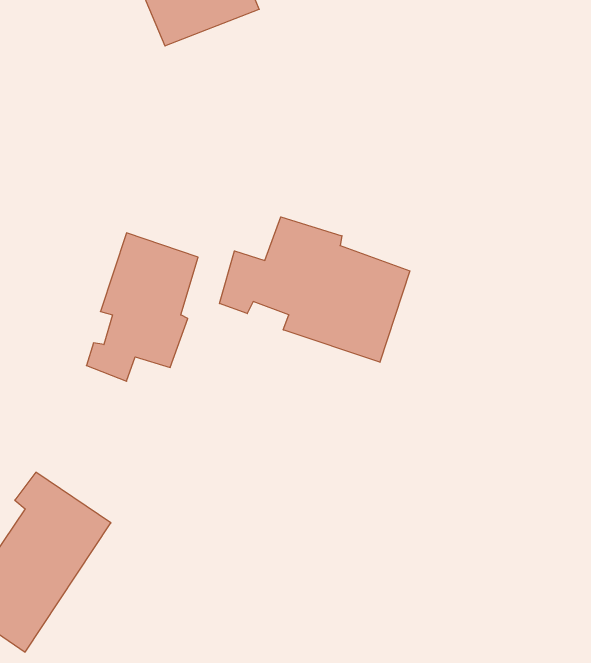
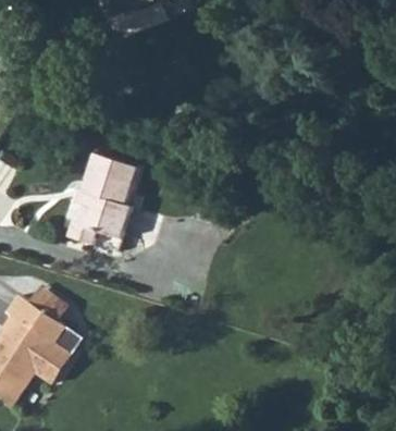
building: [220,217,410,362] -> none

